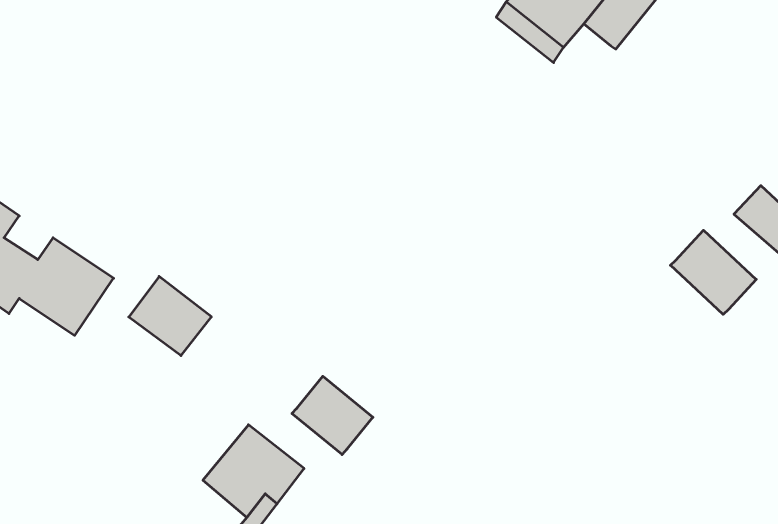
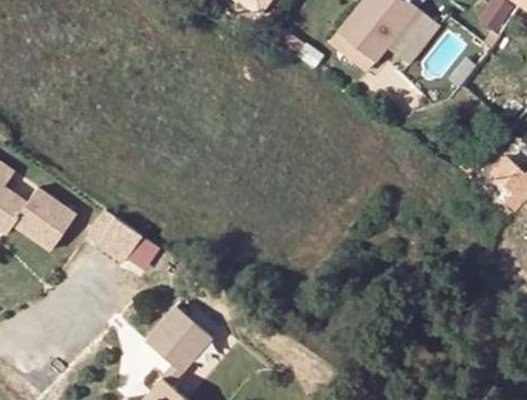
building: [670,230,756,314] -> none
building: [292,376,373,455] -> none

